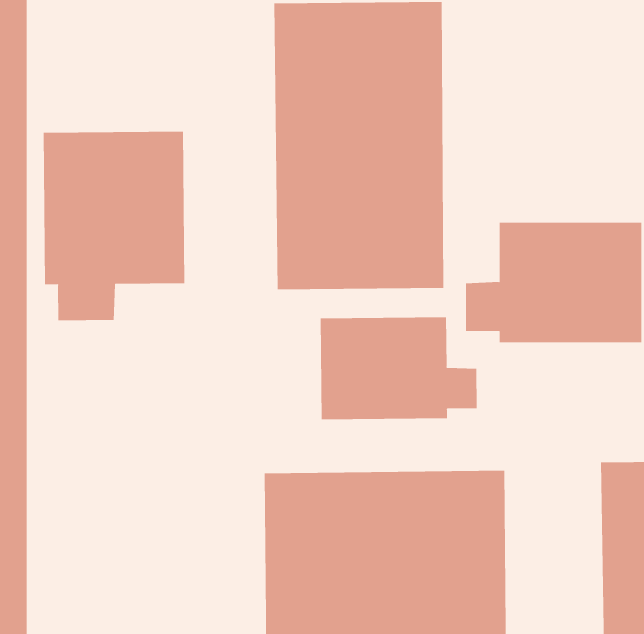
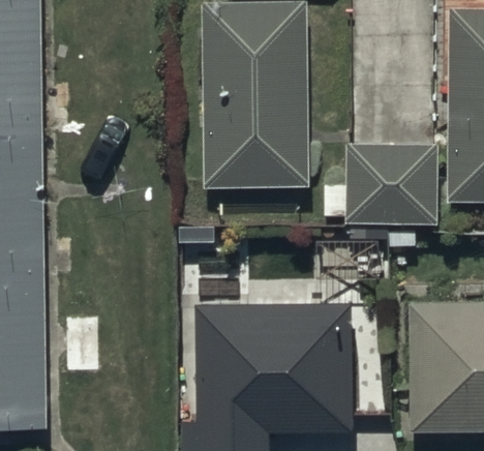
building: [43,131,185,321] -> none
building: [320,317,477,420] -> none

